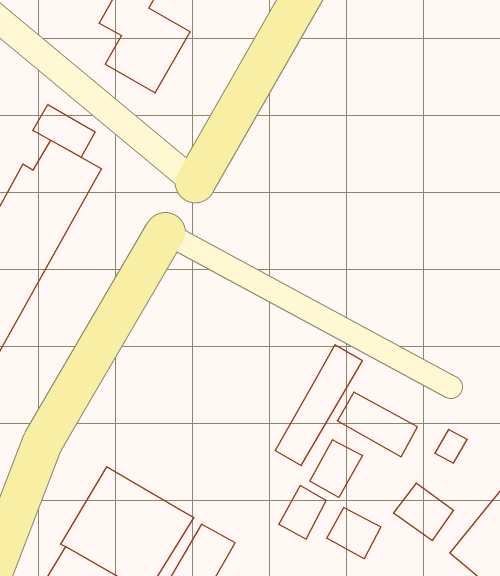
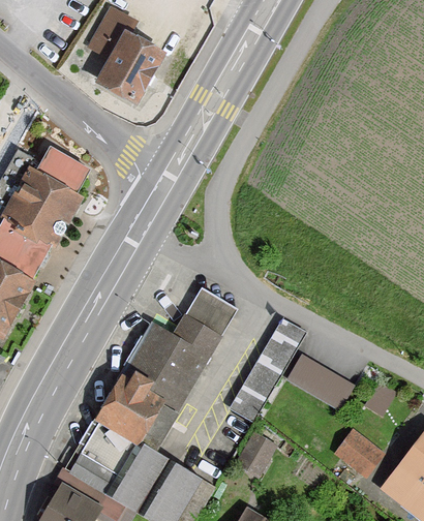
building: [33,105,95,157] -> none
building: none -> [95,289,237,452]
building: [310,440,363,497] -> none
building: [327,507,381,559] -> none

